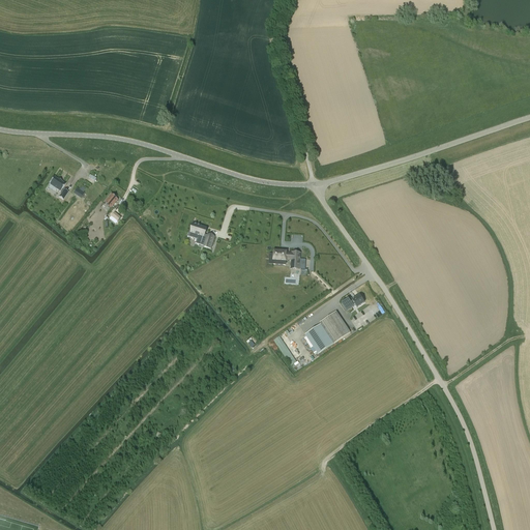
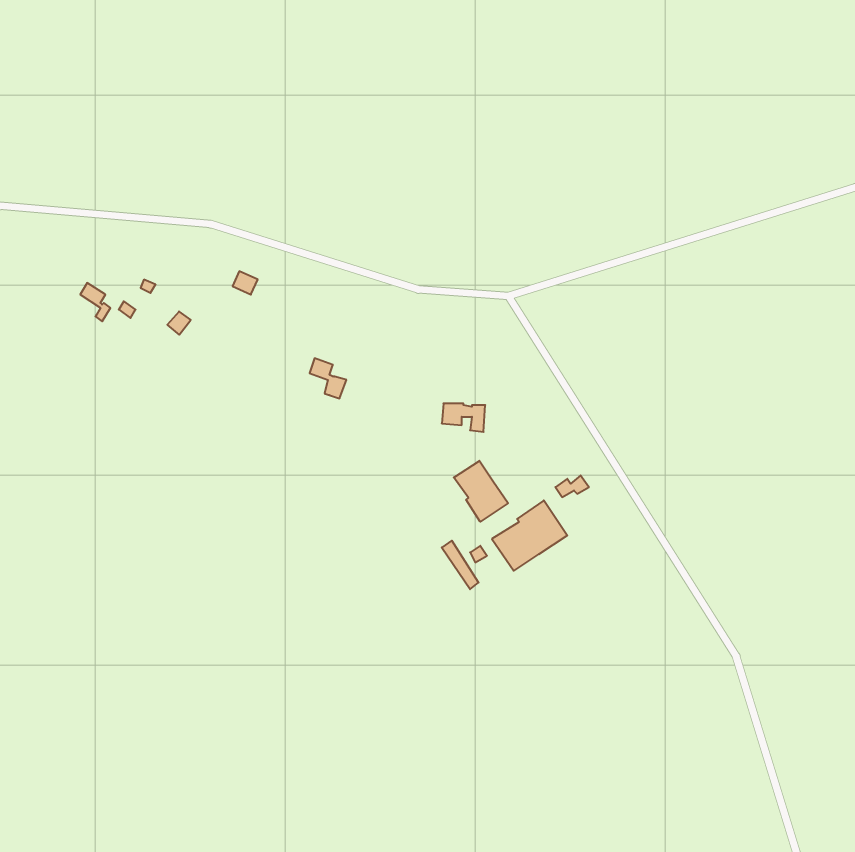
building: none -> [454,461,508,522]

